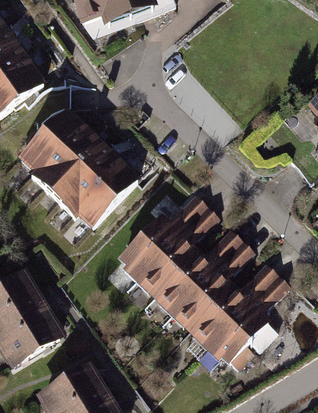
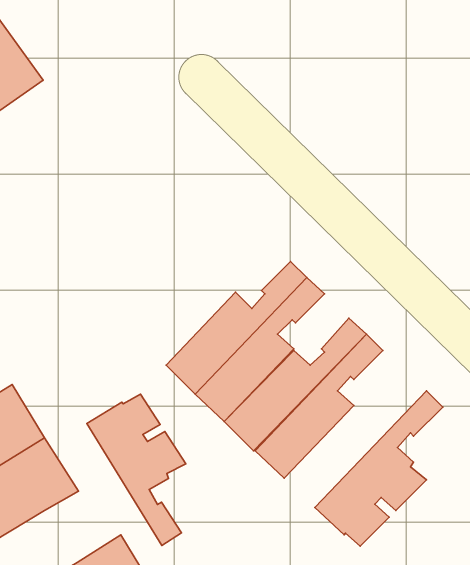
building: [23,111,138,225] -> none
building: [191,265,279,347] -> none
building: none -> [87,394,186,545]

